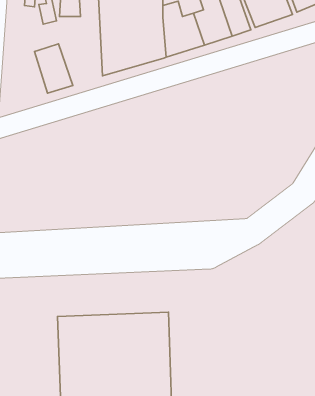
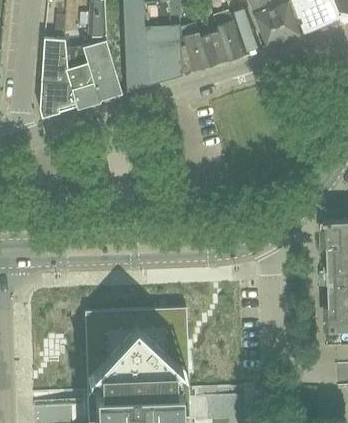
building: none -> [39,38,76,116]
building: none -> [82,41,122,100]

